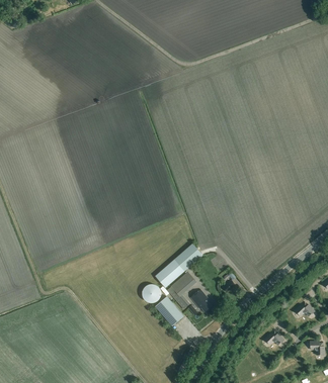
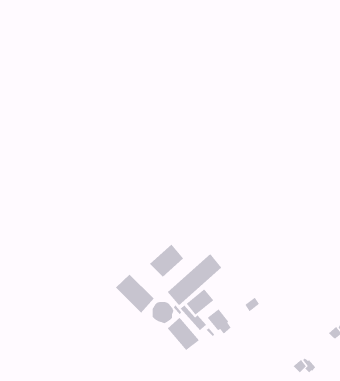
building: none -> [149,244,184,278]
building: none -> [115,274,154,313]

